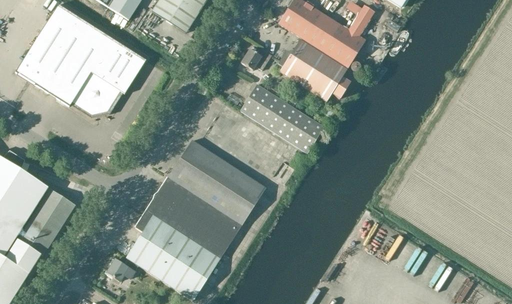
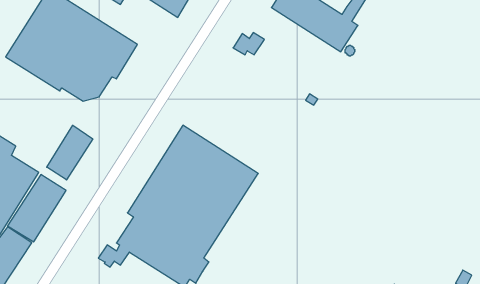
building: [273,40,349,101] -> none
building: [240,83,324,153] -> none
building: none -> [47,125,93,180]

